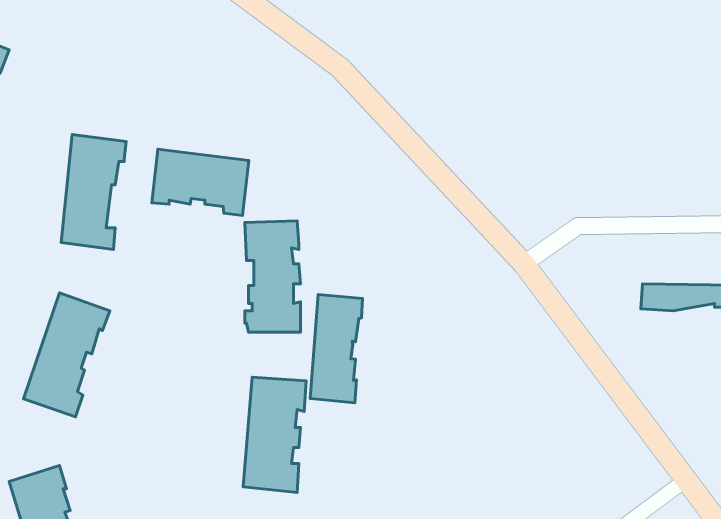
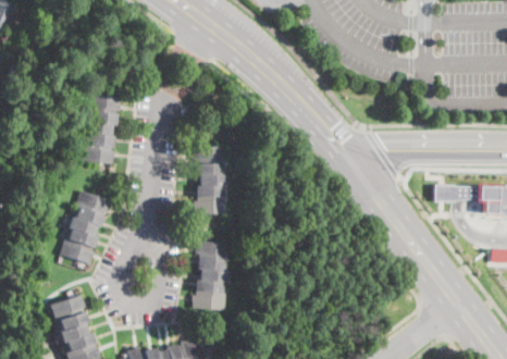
building: [152,149,249,215] -> none
building: [310,295,363,403] -> none

